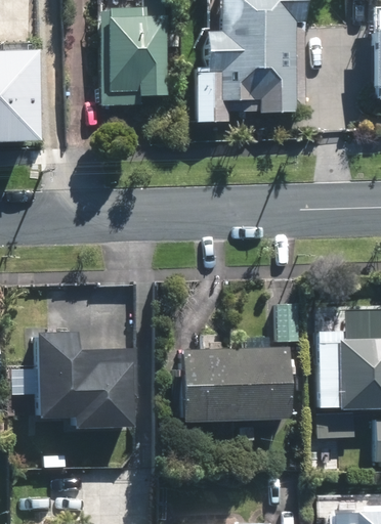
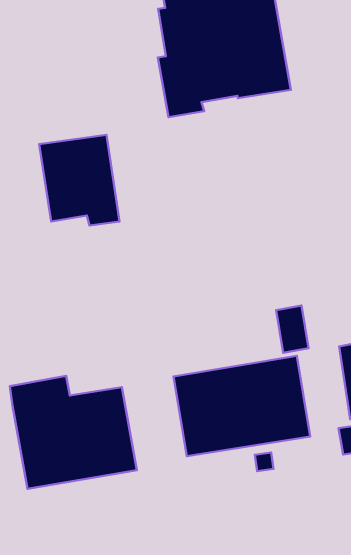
building: [108,20,168,97] -> [39,135,119,226]

